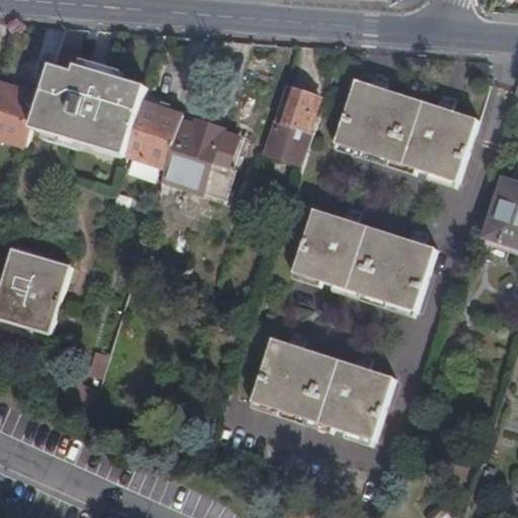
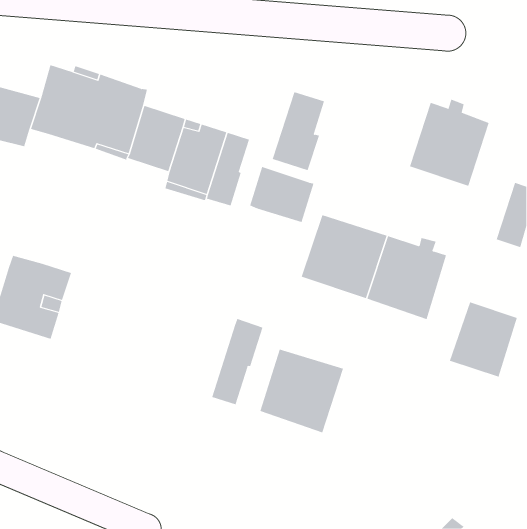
building: [333,78,418,162] -> none
building: none -> [249,166,314,223]
building: none -> [449,301,518,377]
building: none -> [212,318,263,405]
building: [314,355,392,439] -> none

